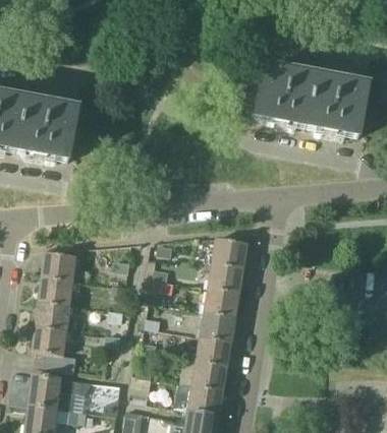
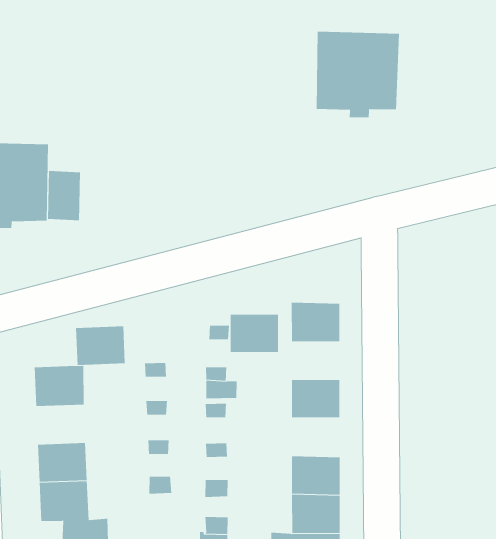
building: [305,75,367,135] -> none
building: none -> [47,170,80,221]
building: [208,261,243,291] -> [230,314,279,353]
building: [38,275,72,304] -> [75,326,126,365]
building: [200,310,235,341] -> none

